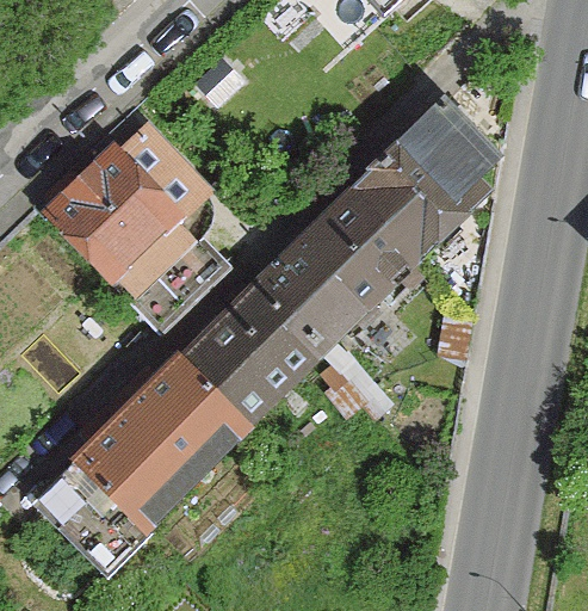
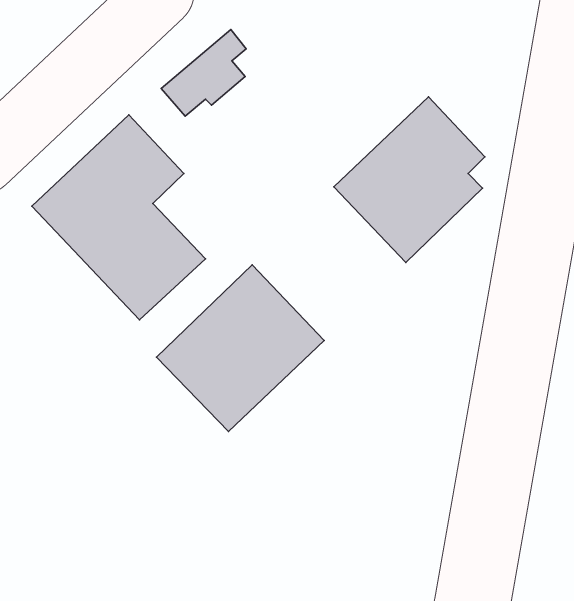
building: [266,190,419,342] -> none
building: [38,359,242,560] -> none

